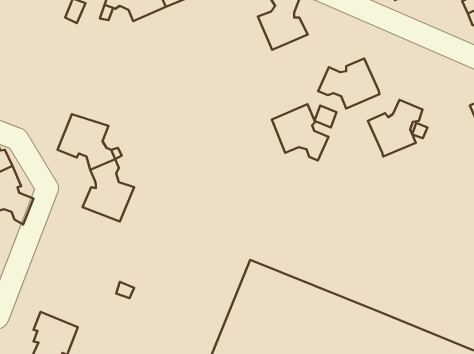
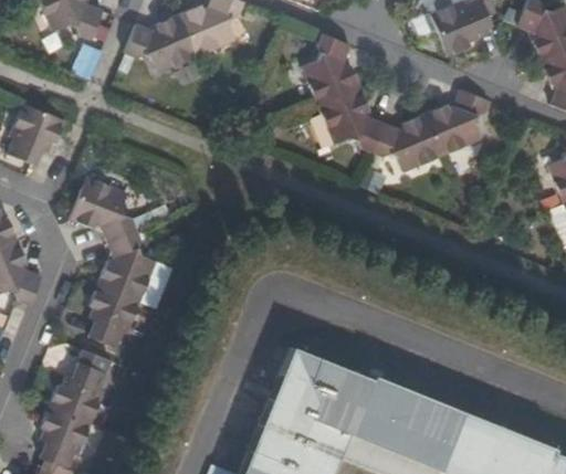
building: none -> [10,105,66,165]
building: [368,100,423,156] -> [423,89,486,155]
building: [272,104,328,161] -> [317,86,382,151]
building: none -> [91,285,142,347]
building: none -> [50,361,108,423]

